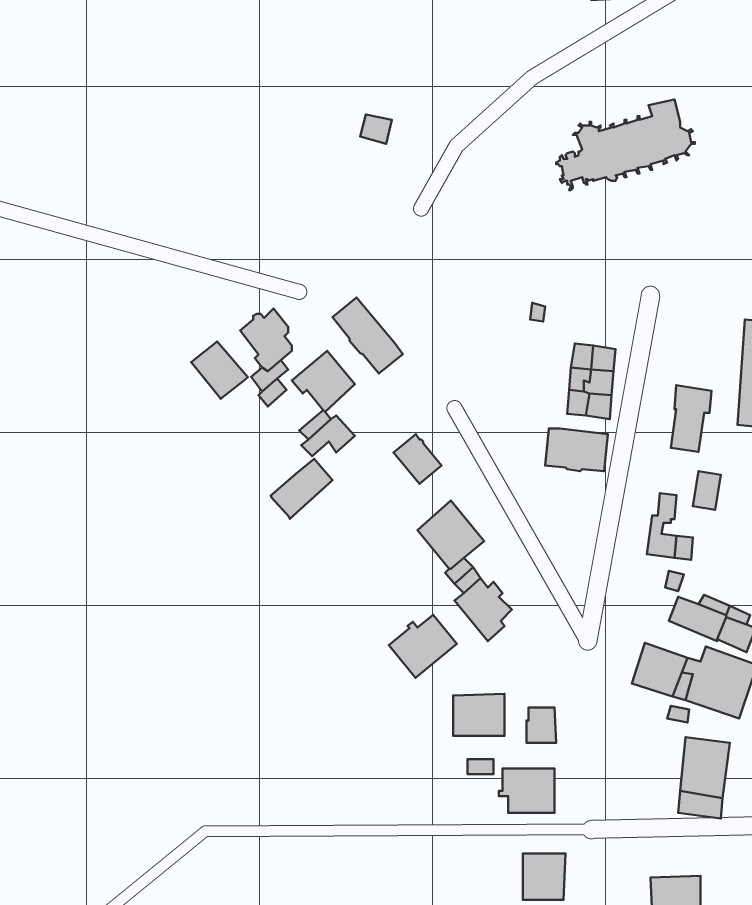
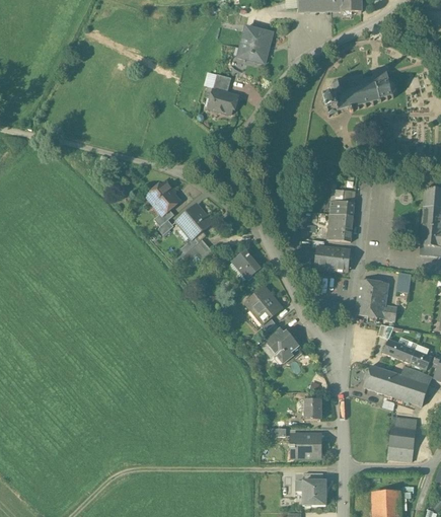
building: none -> [238,25,274,63]
building: none -> [211,89,238,114]
building: [332,298,403,374] -> none
building: [191,341,248,399] -> none
building: [671,385,711,452] -> [356,279,378,315]
building: [271,459,332,519] -> none
building: [389,615,457,678] -> none
building: [453,694,504,736] -> none

